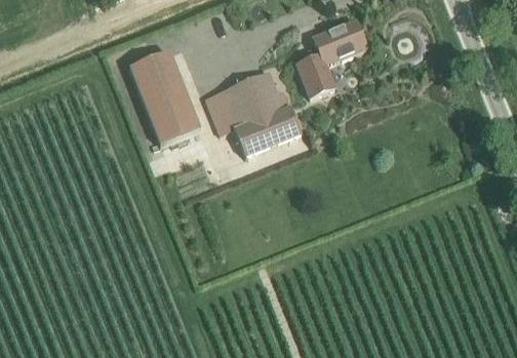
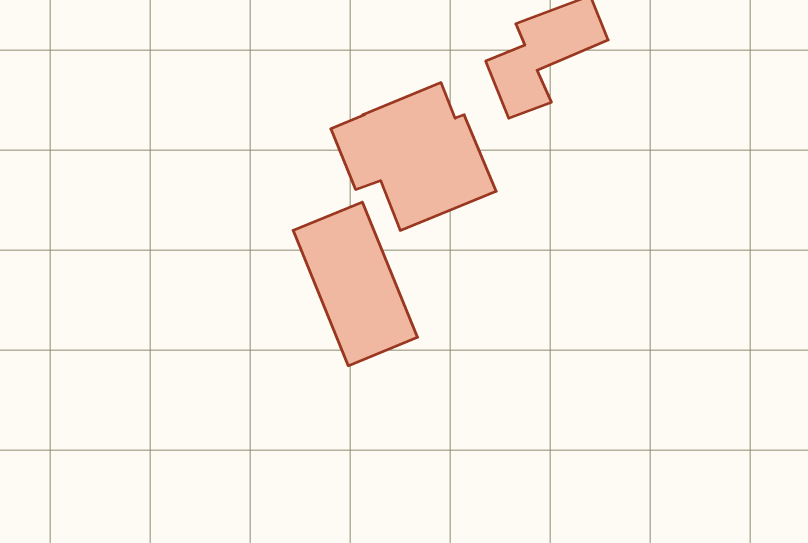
building: [129,51,201,146] -> [293,202,418,366]

